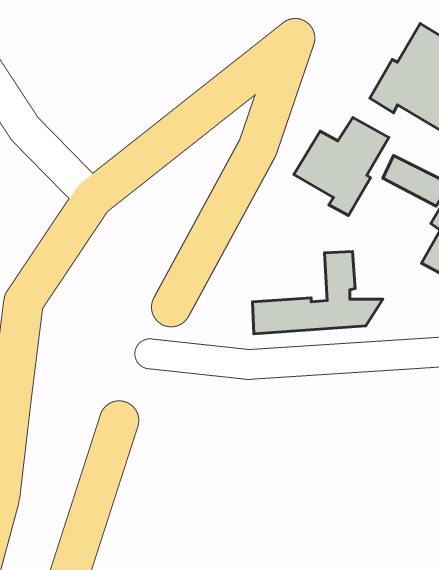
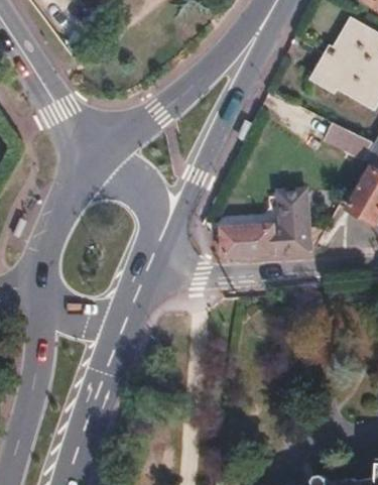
building: [294,117,389,216] -> none

